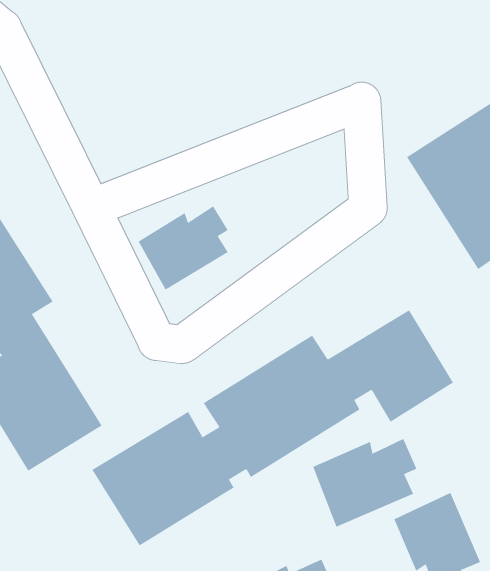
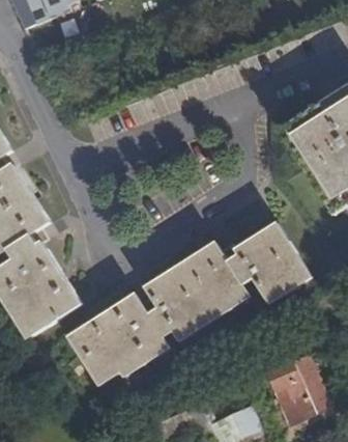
building: [138,206,229,291] -> none
building: [313,438,417,527] -> none

